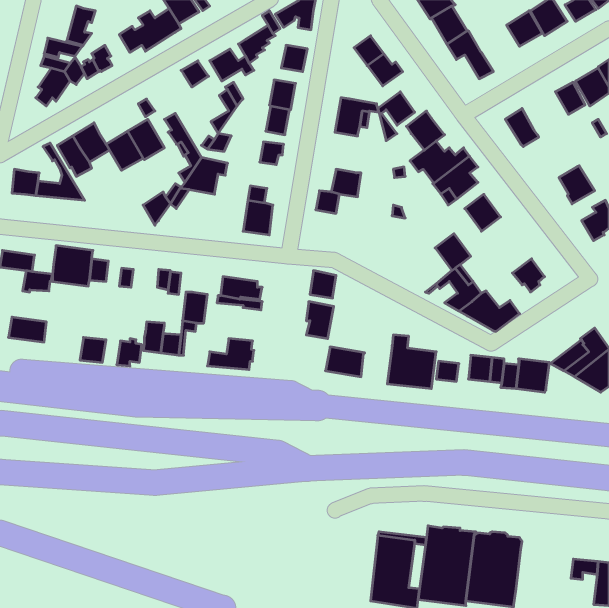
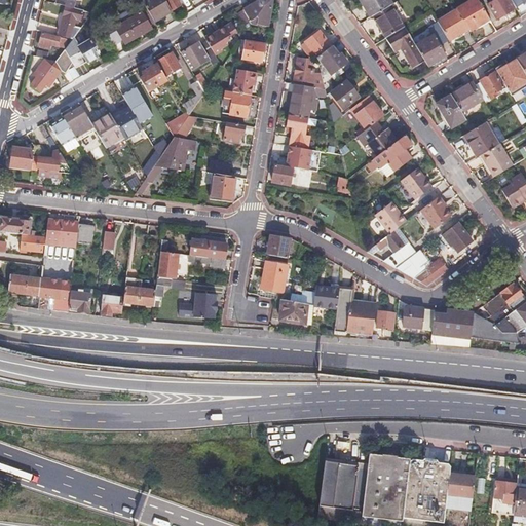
building: none -> [415,22,448,67]
building: none -> [293,59,325,89]
building: none -> [140,64,167,91]
building: none -> [450,81,483,112]
building: none -> [288,114,309,149]
building: none -> [463,121,497,156]
building: none -> [420,196,451,228]
building: none -> [38,266,63,298]
building: none -> [313,286,339,311]
building: none -> [471,312,519,343]
building: none -> [445,474,475,512]

